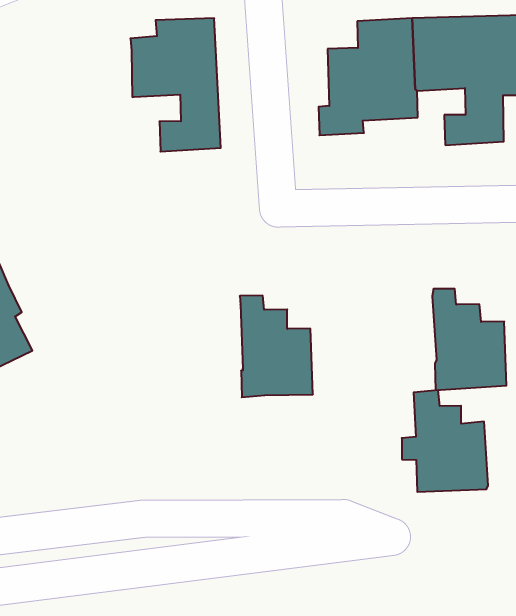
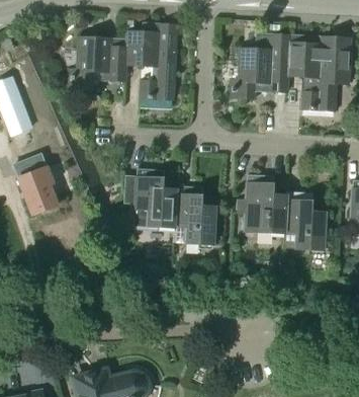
building: none -> [68,37,127,88]
building: none -> [133,168,176,227]
building: [402,390,488,492] -> [237,174,285,233]

